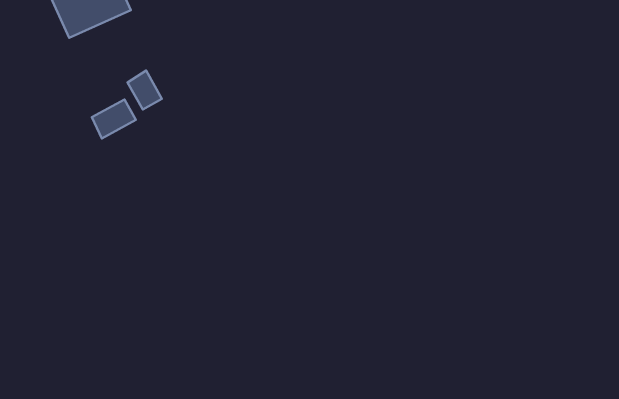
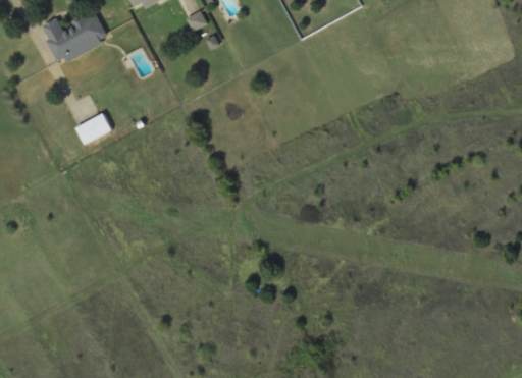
building: [127,71,162,109] -> none

